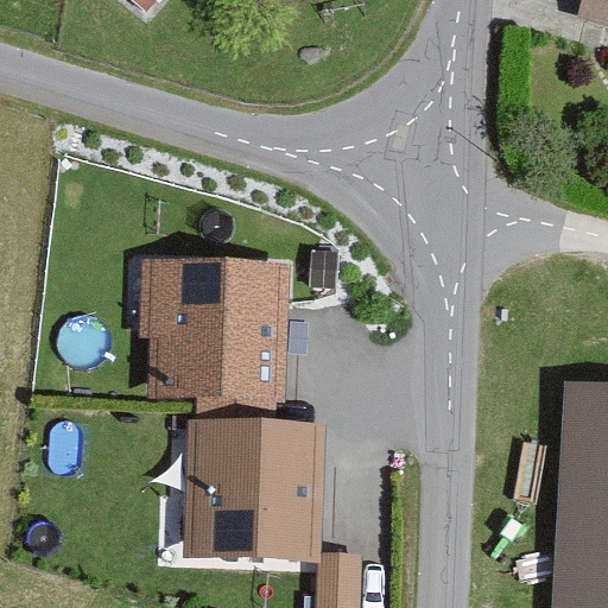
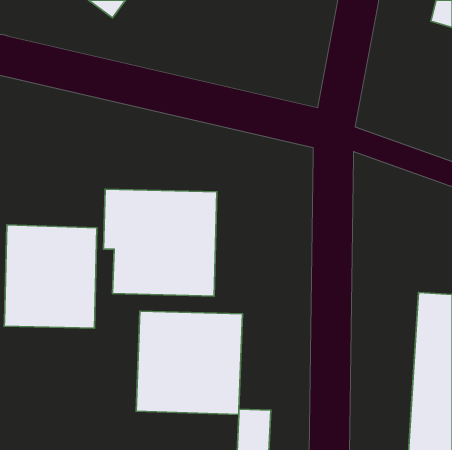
building: none -> [4,225,97,328]

